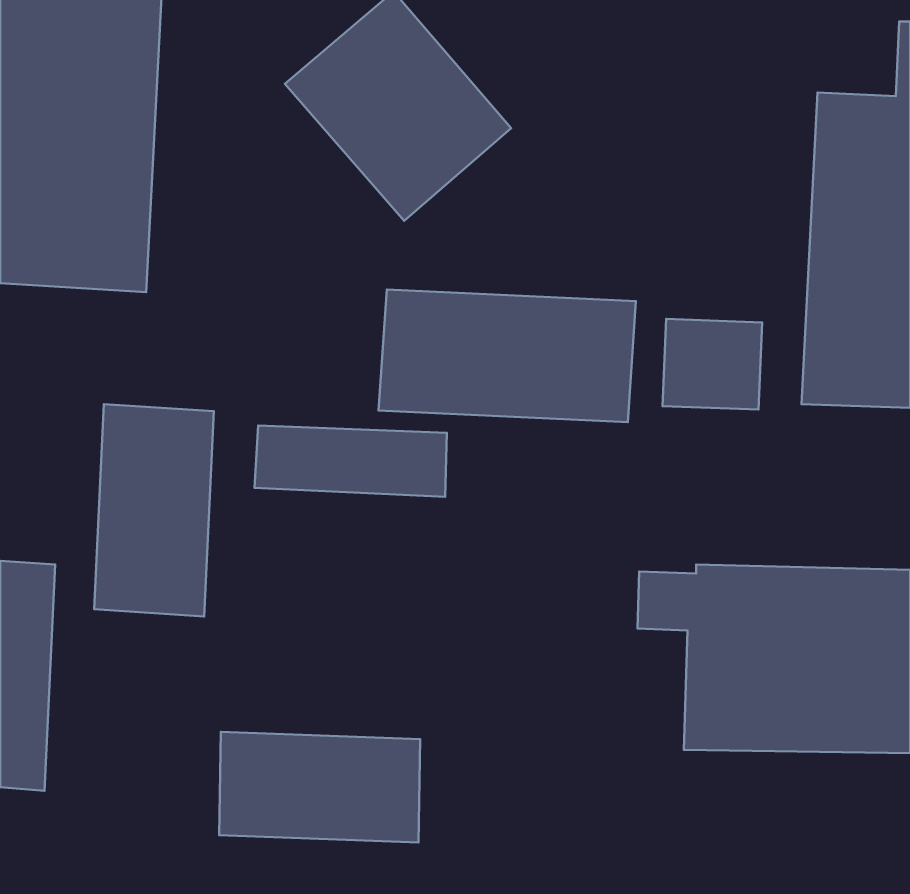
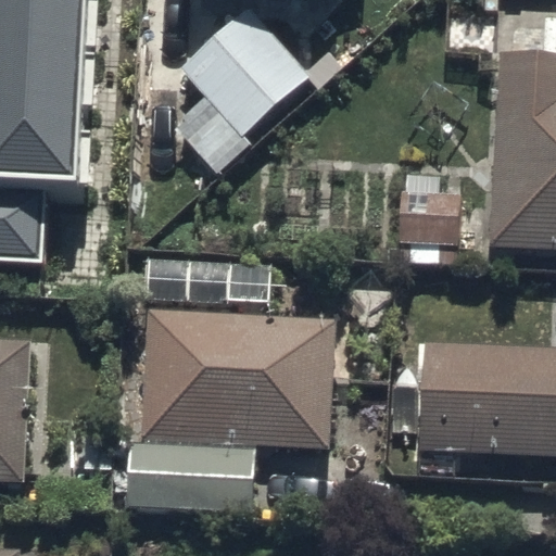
building: [379,290,636,422] -> none
building: [94,404,214,616] -> none
building: none -> [141,303,330,445]

